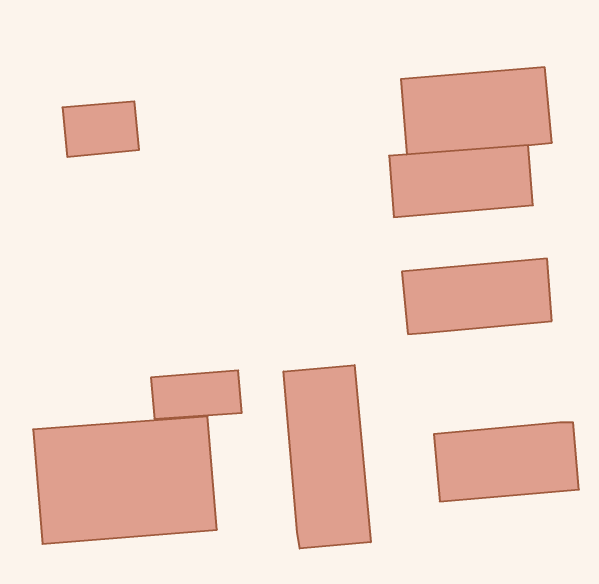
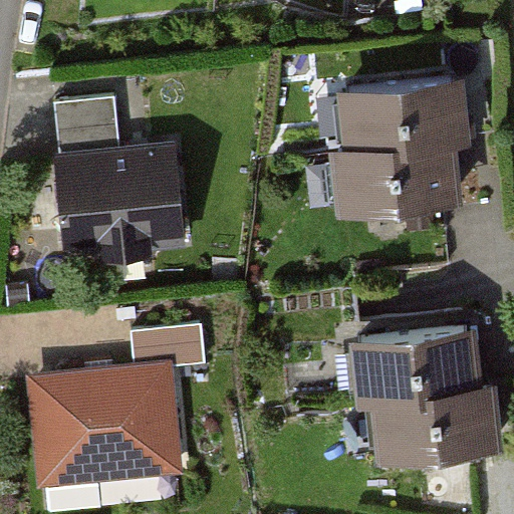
building: none -> [53,144,188,262]
building: [402,259,552,334] -> [349,322,477,387]
building: [284,365,371,549] -> none

